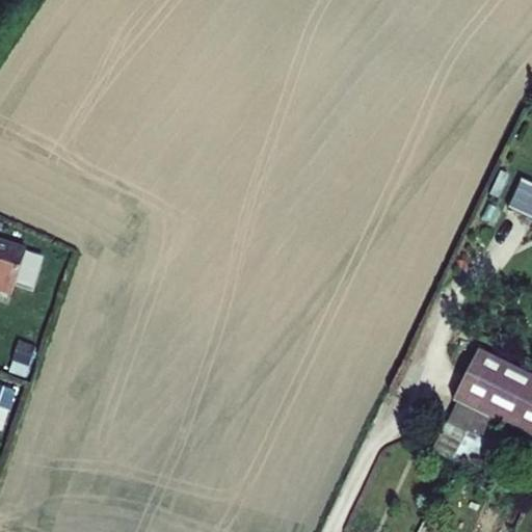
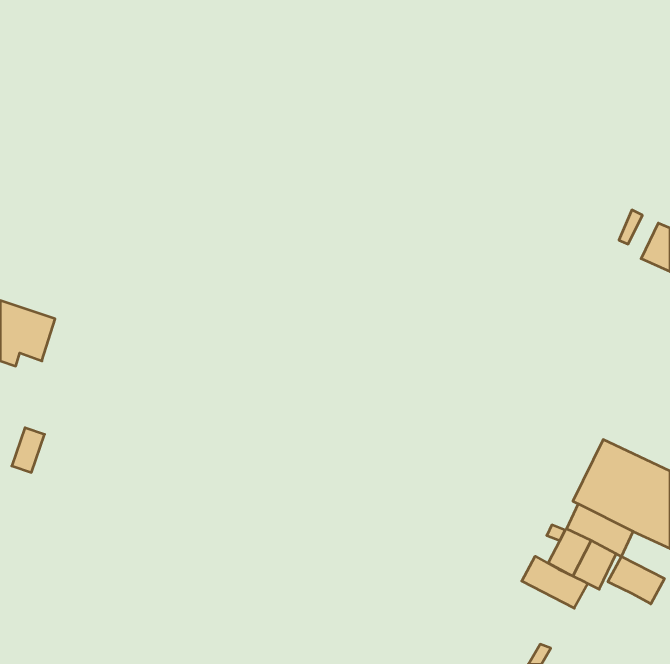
building: none -> [522,556,588,608]
building: none -> [608,556,664,604]

